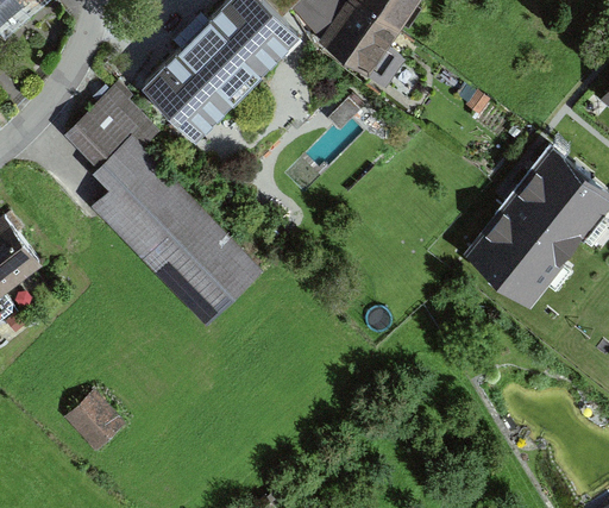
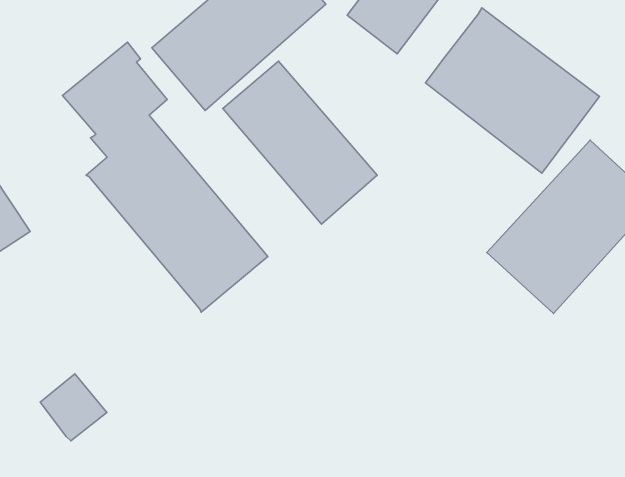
building: none -> [425,8,600,173]
building: none -> [223,61,377,224]

